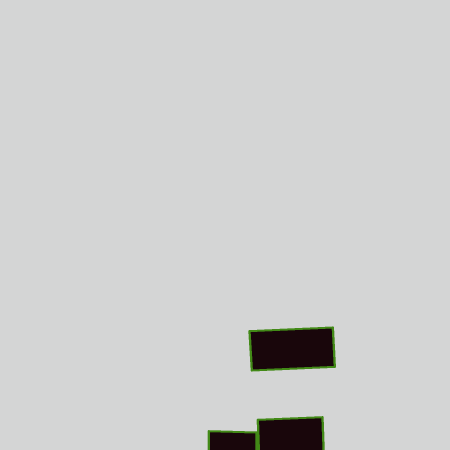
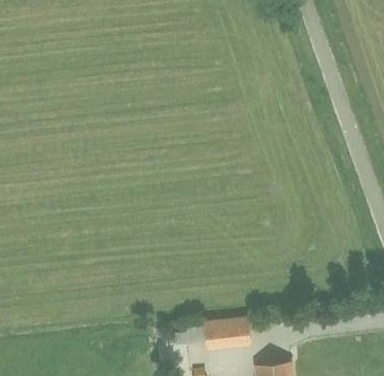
building: [250,328,335,370] -> none

